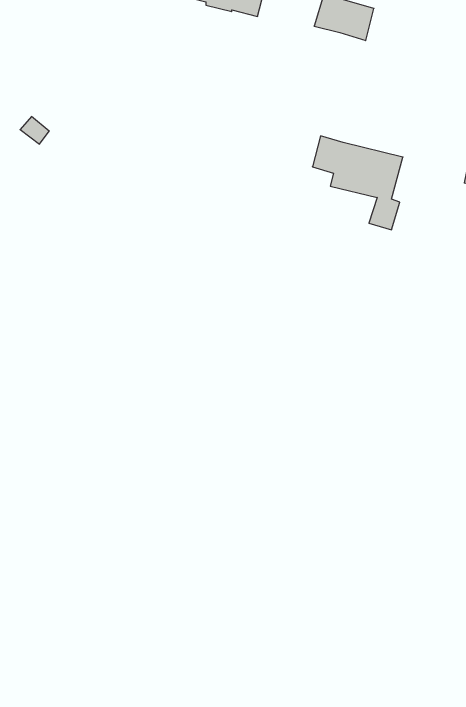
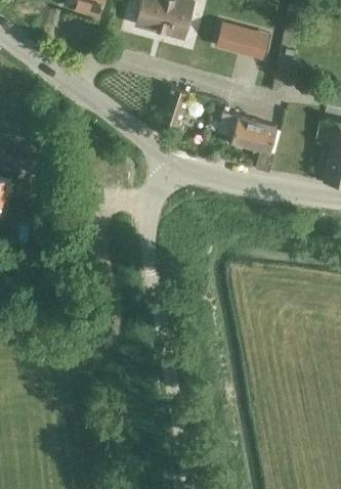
building: none -> [162,87,189,126]

